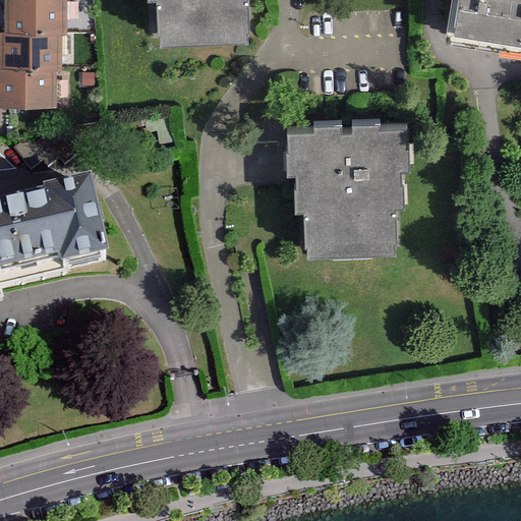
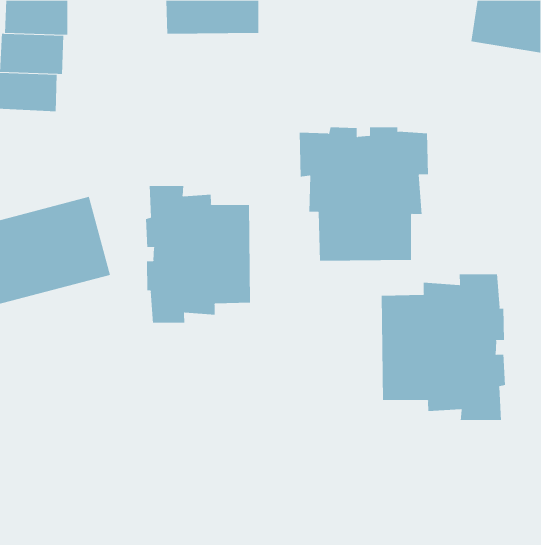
building: none -> [146,185,251,323]
building: none -> [381,274,506,421]

